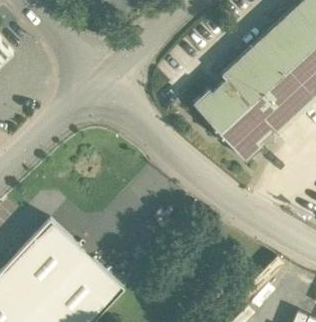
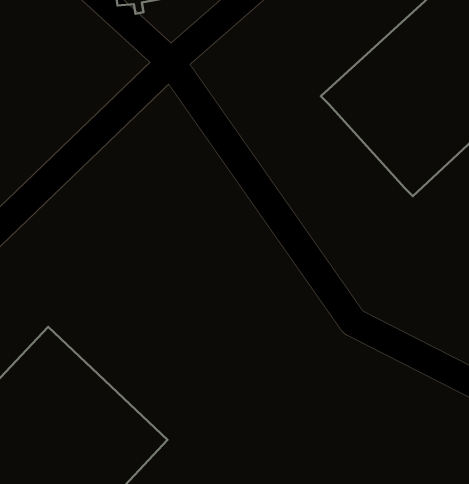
building: [193,80,273,163] -> none

